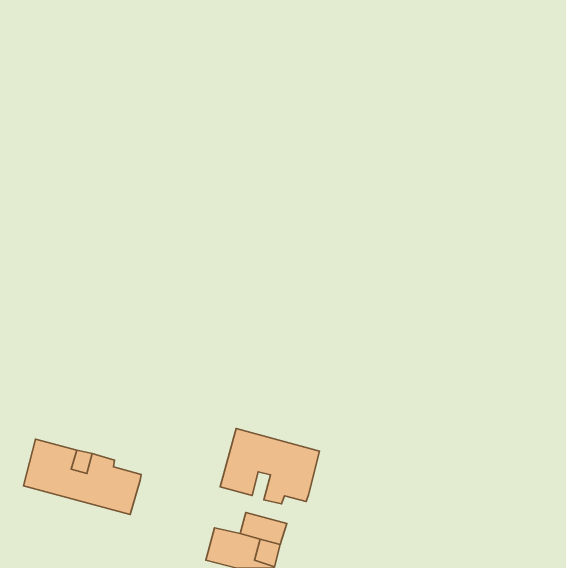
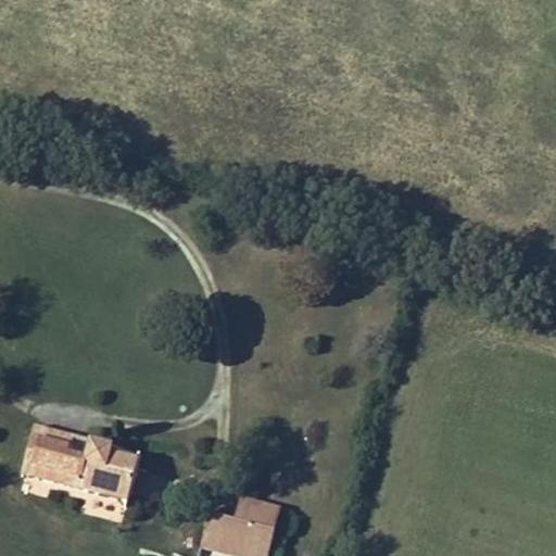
building: [220,429,320,504] -> none

